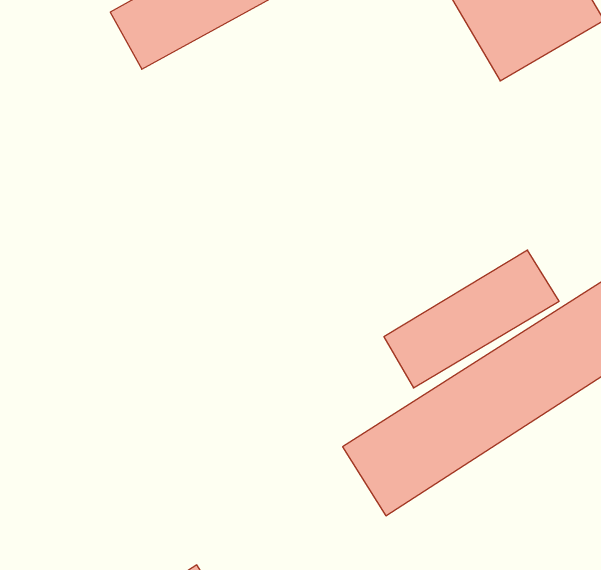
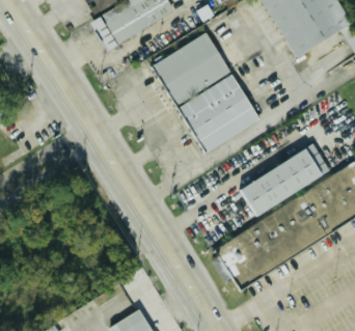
building: none -> [153,33,263,155]

